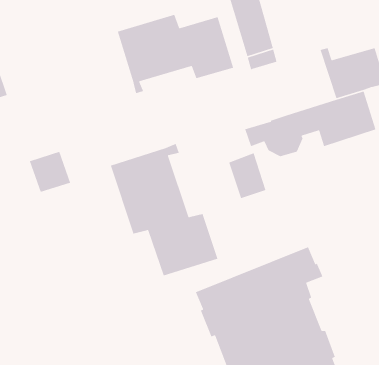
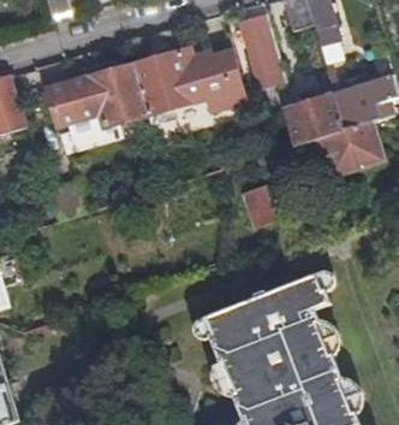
building: none -> [46,63,147,126]
building: none -> [282,81,344,144]
building: [110,143,218,277] -> none

